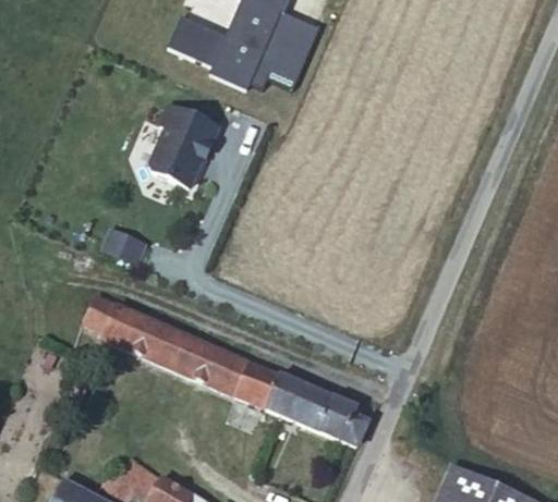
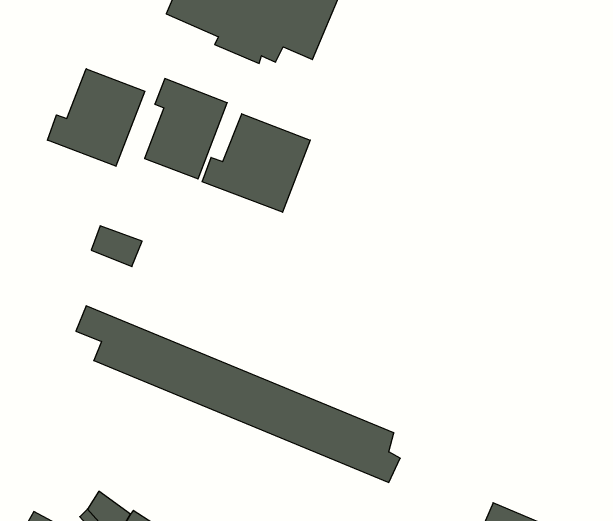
building: none -> [47,69,145,166]
building: none -> [202,114,310,212]

